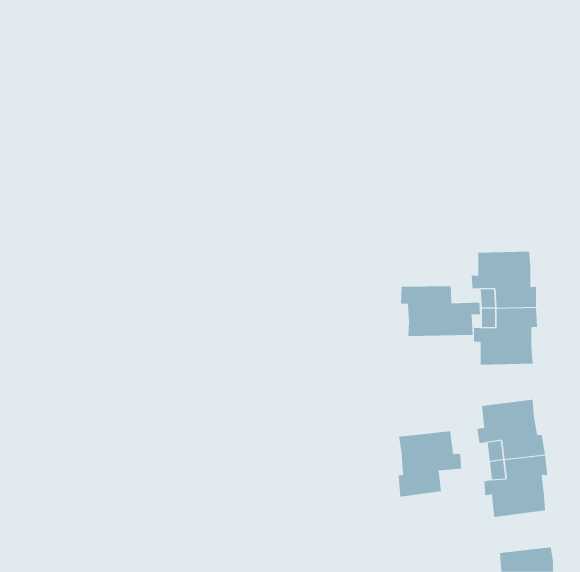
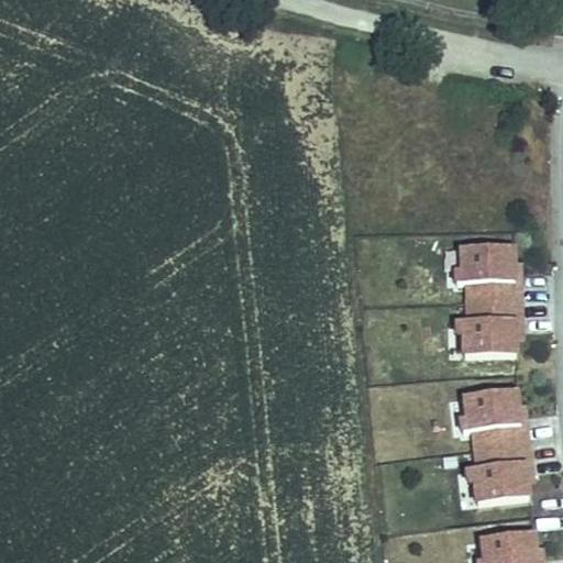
building: [401,285,480,337] -> none
building: [398,430,462,497] -> none

